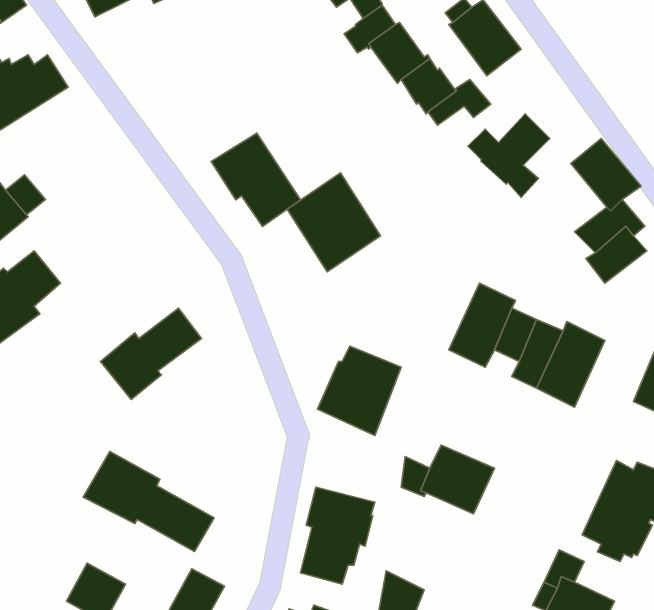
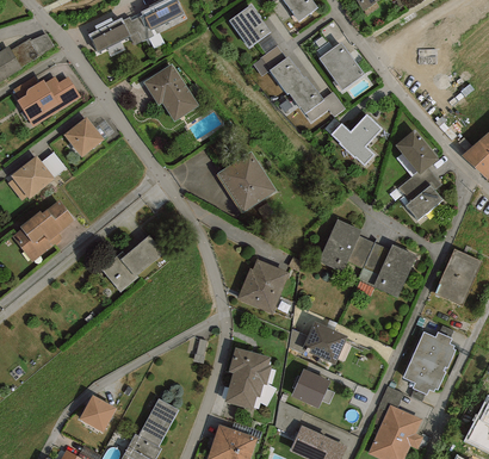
building: none -> [63,117,104,156]
building: [211,133,301,226] -> [142,63,198,122]
building: [83,451,214,552] -> none
building: none -> [290,368,329,409]

